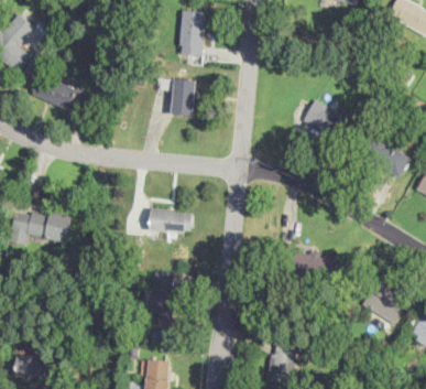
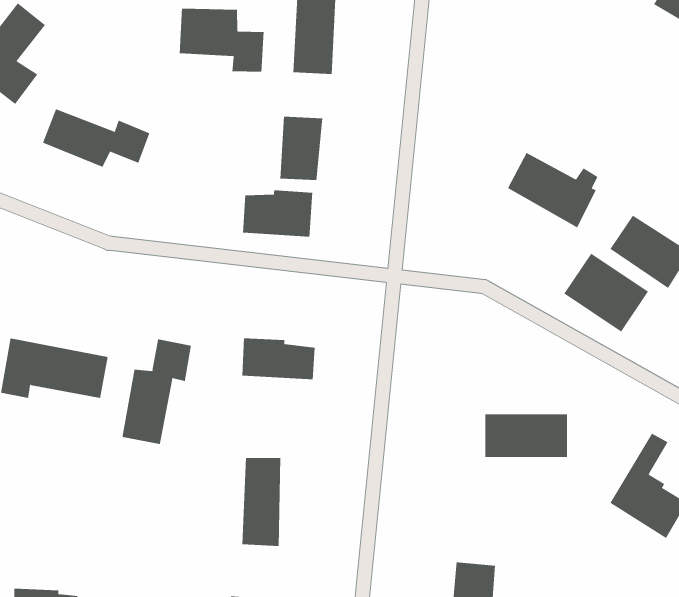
building: none -> [179,8,264,72]
building: none -> [243,189,313,237]
building: none -> [564,253,649,332]
building: none -> [122,338,192,445]

